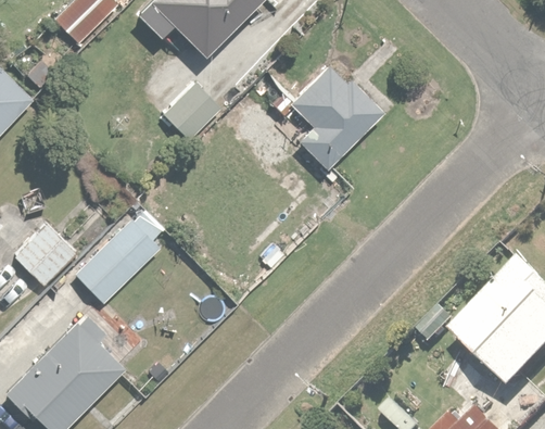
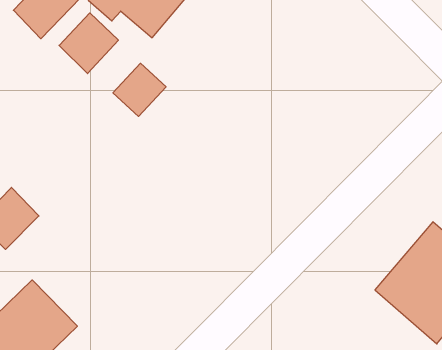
building: none -> [59,13,118,74]
building: [289,63,388,167] -> none
building: [77,206,170,305] -> none

